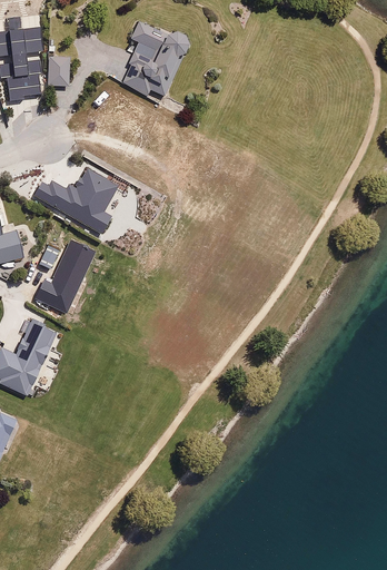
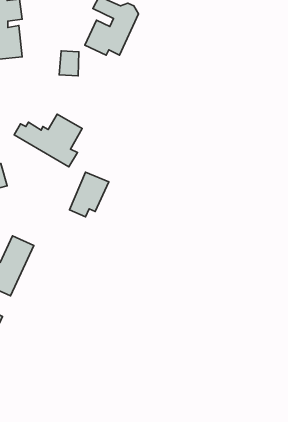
building: [46,55,70,86] -> [59,51,79,76]
building: [43,248,92,304] -> [69,172,109,217]

